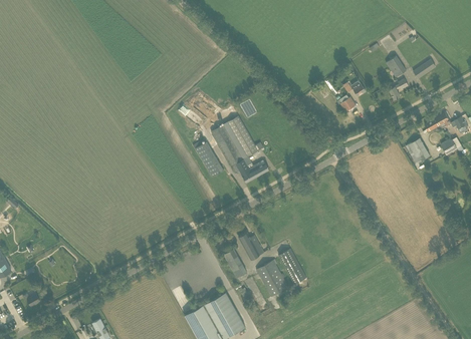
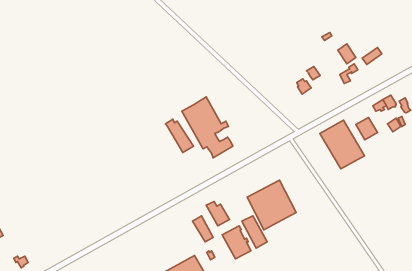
building: none -> [320,120,364,169]
building: none -> [247,180,296,230]

